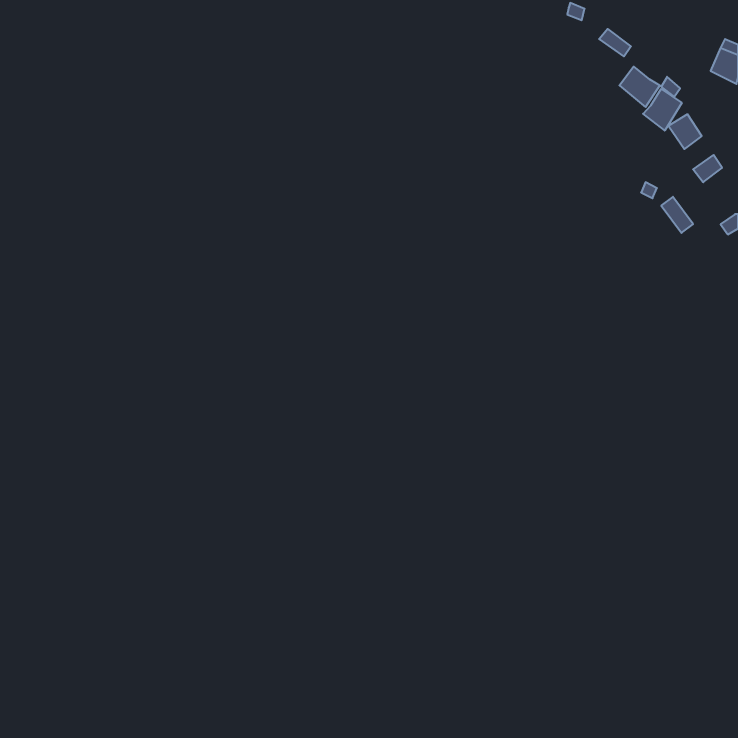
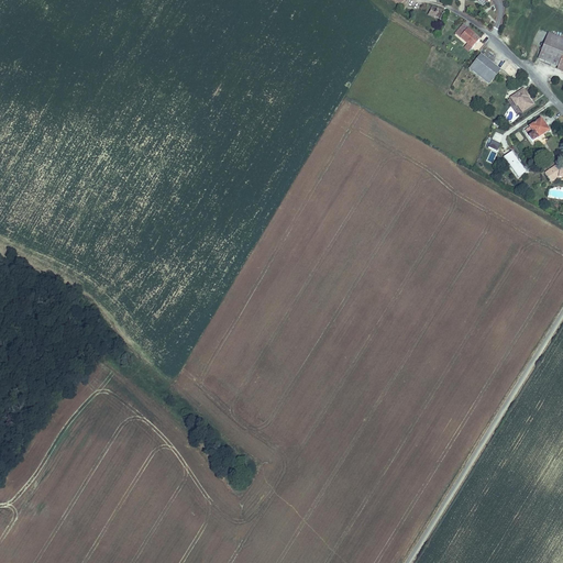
building: [643,89,682,131] -> none

